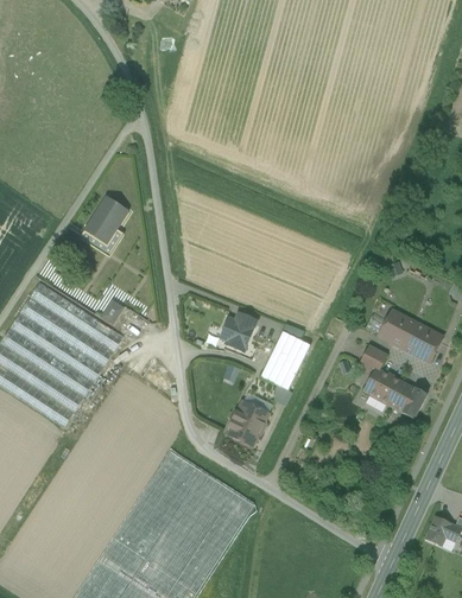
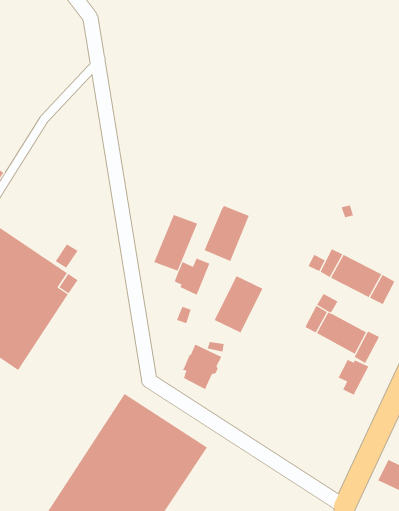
building: [84,196,128,244] -> none
building: none -> [204,205,249,262]
building: none -> [154,214,198,272]
building: none -> [338,359,369,396]

